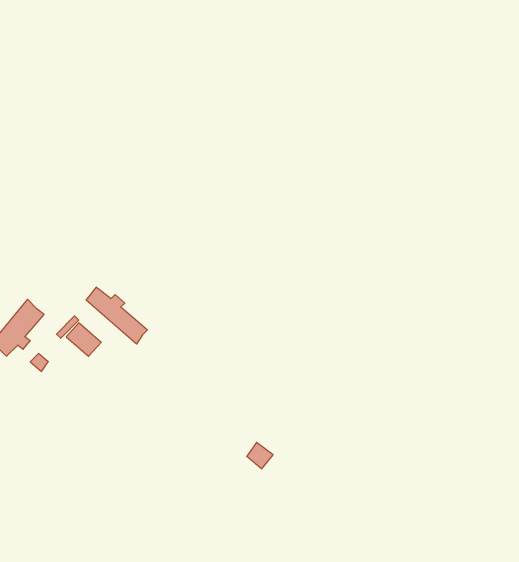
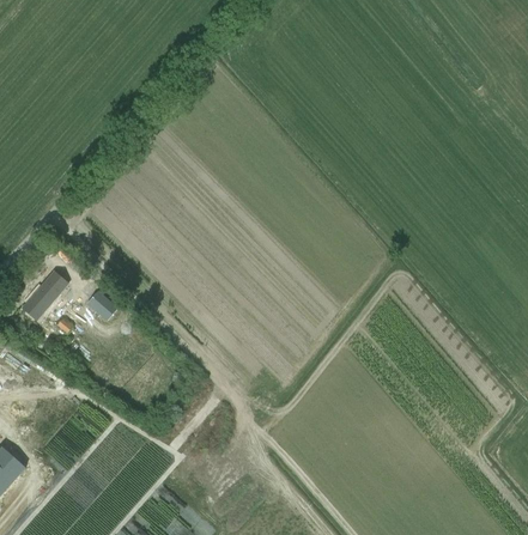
building: [86,287,147,344] -> none

